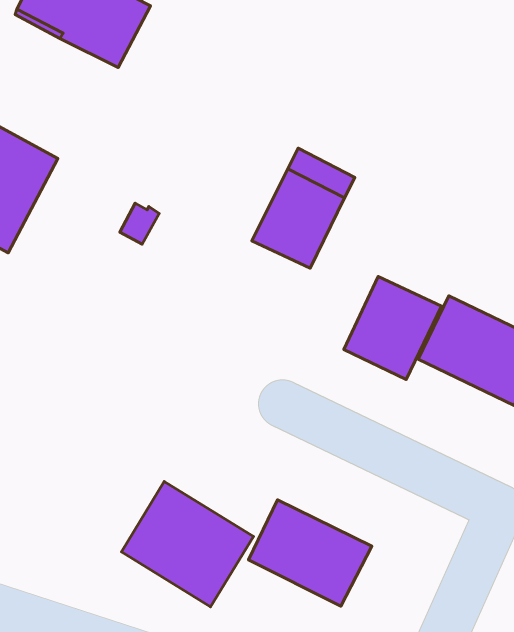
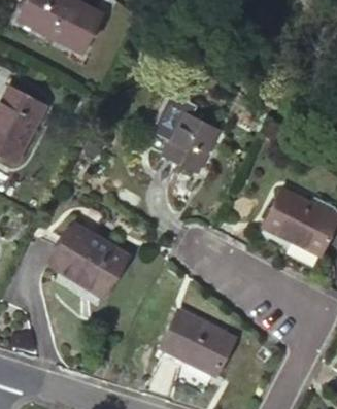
building: [344,277,442,380] -> none
building: [121,482,253,607] -> [49,223,129,298]

